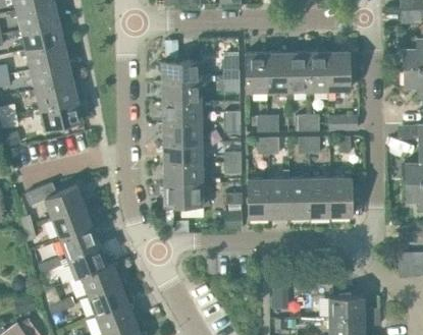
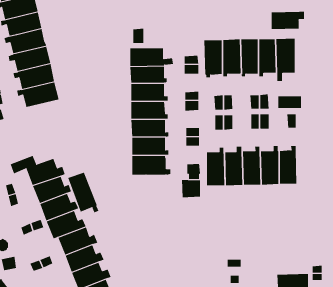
building: none -> [271,11,305,30]
building: none -> [68,172,99,213]
building: [327,296,364,318] -> none

